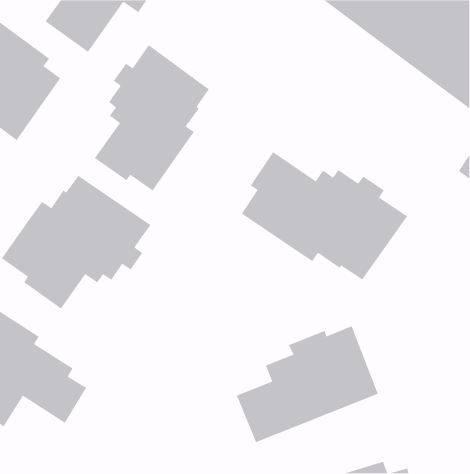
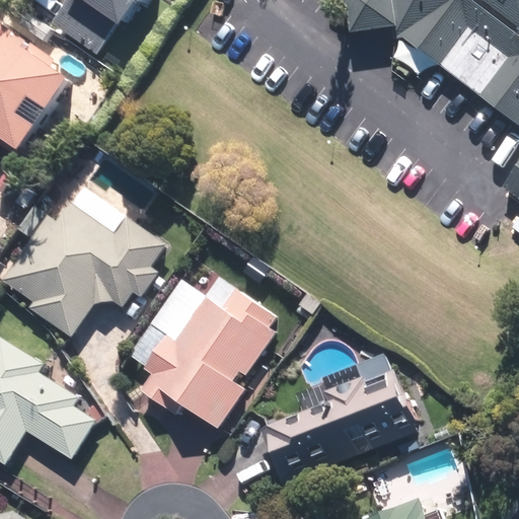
building: [94,44,210,191] -> none
building: [241,151,408,280] -> none
building: none -> [138,262,282,432]

